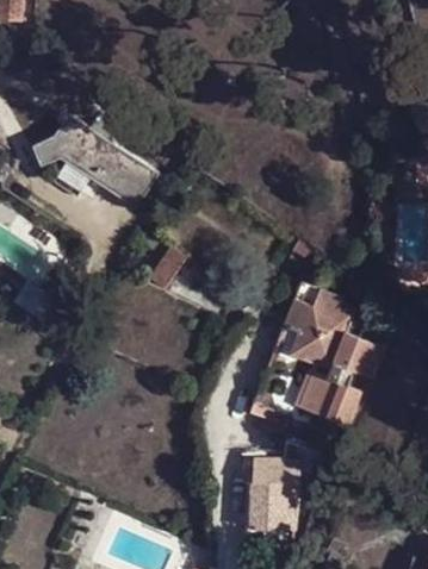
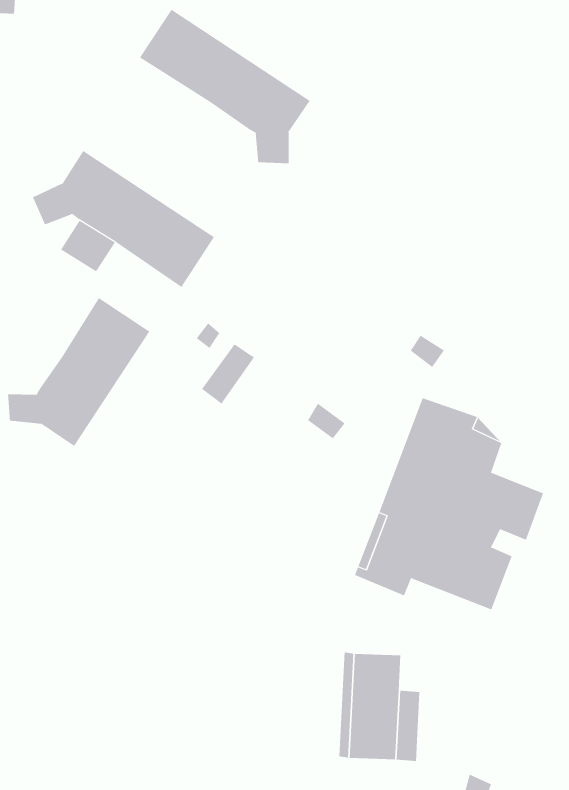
building: none -> [139,9,311,164]
building: none -> [8,297,150,447]

